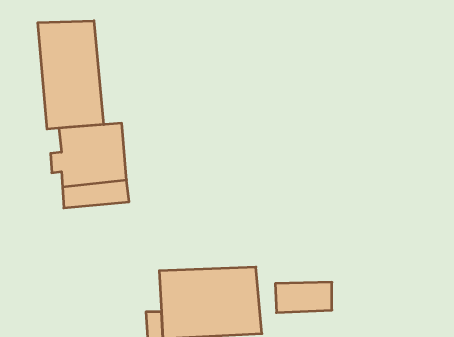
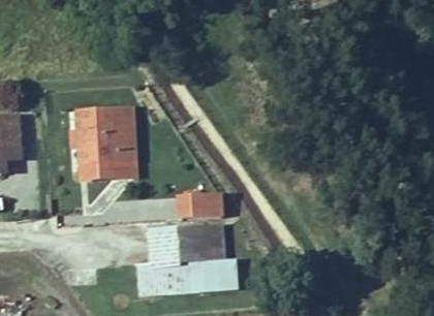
building: [38,21,104,129] -> none
building: [275,282,332,313] -> [176,201,224,227]

